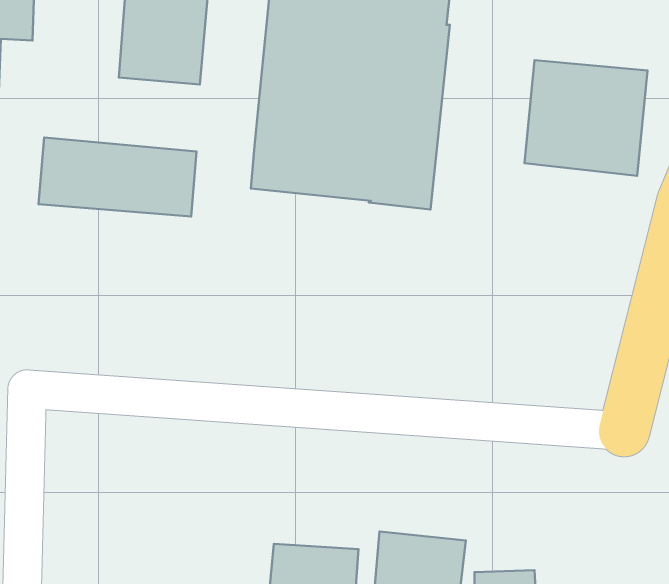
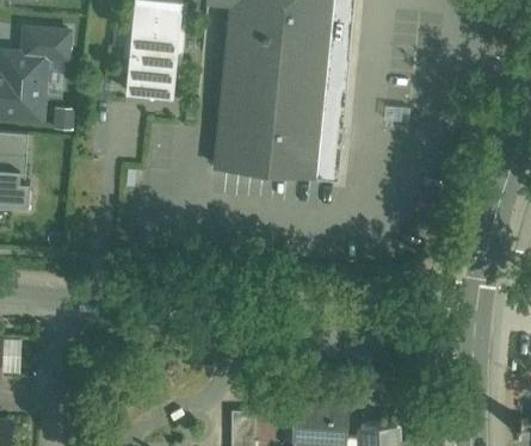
building: [525,60,648,176] -> none
building: [38,137,197,217] -> none

